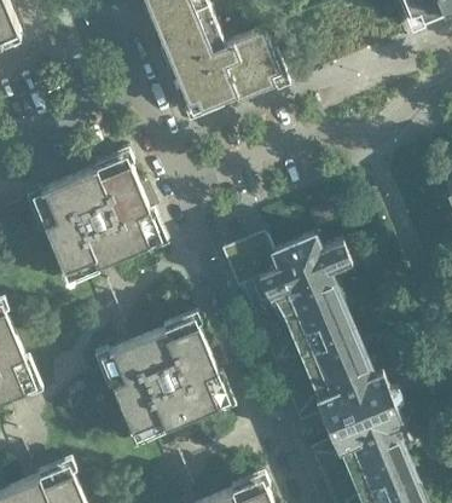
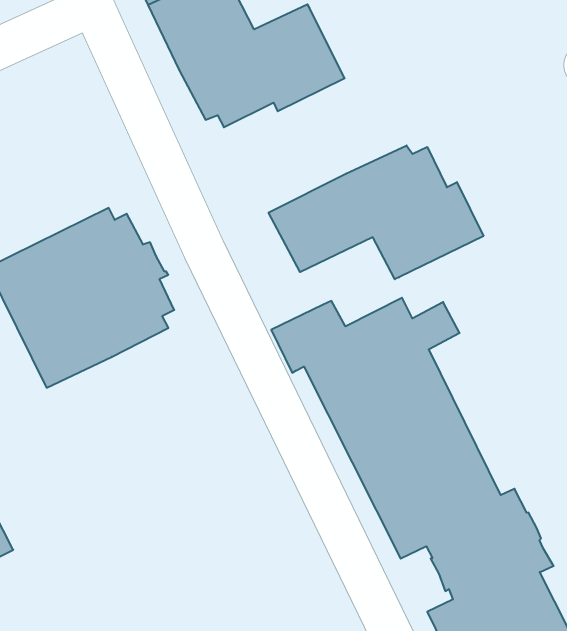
building: none -> [269,145,483,279]
building: [100,320,227,441] -> none

